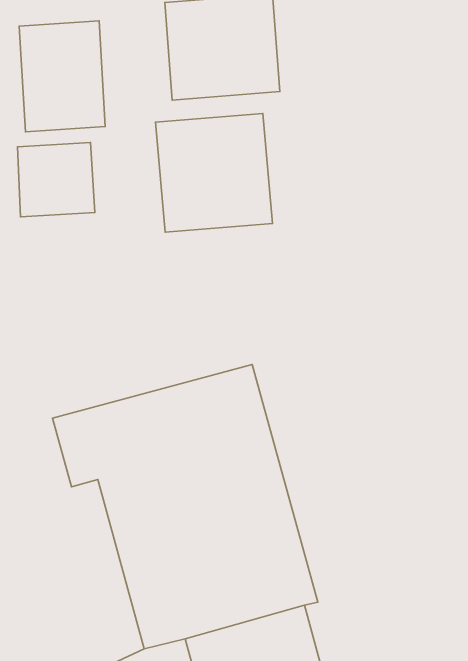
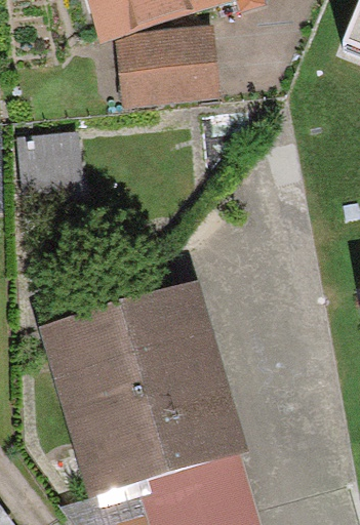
building: [19,21,105,132] -> none
building: [155,113,272,232] -> none

